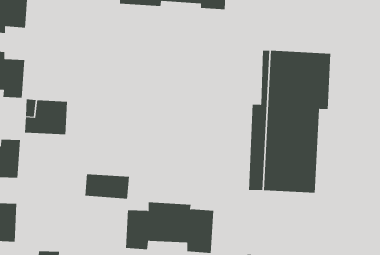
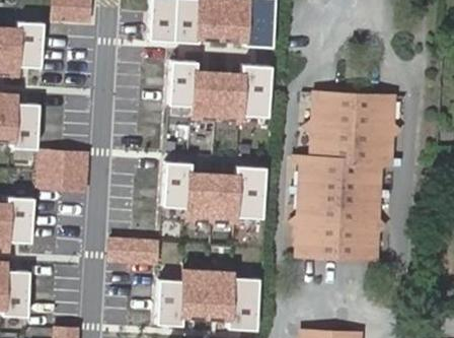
building: none -> [169,61,272,119]
building: none -> [164,162,264,221]

